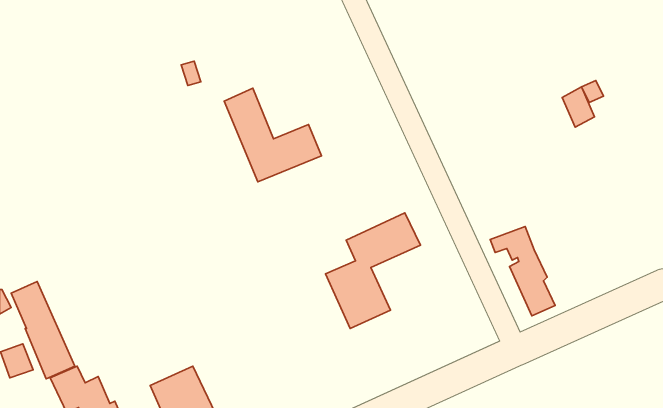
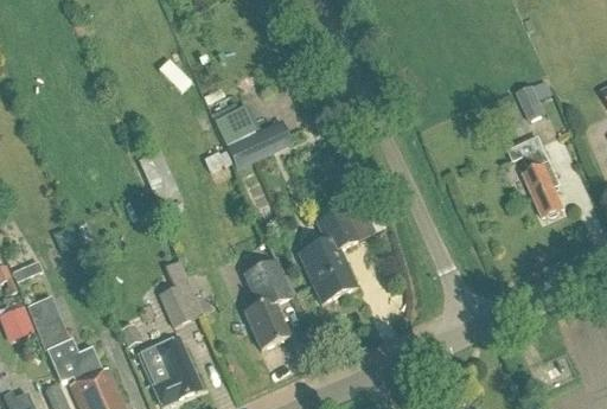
building: [490,226,555,316] -> [506,136,566,218]
building: none -> [243,260,292,349]
building: none -> [158,283,193,326]

